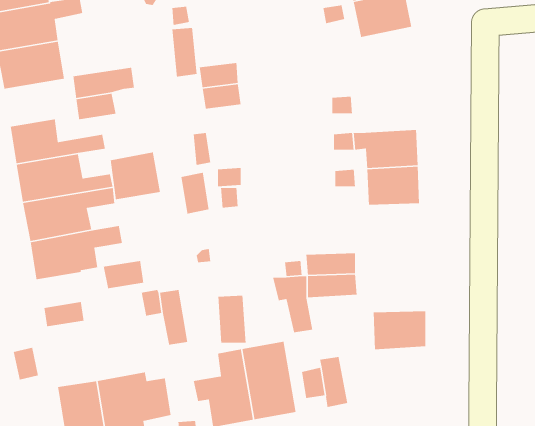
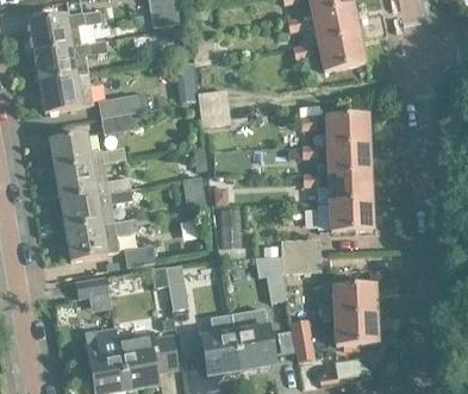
building: none -> [326,113,368,144]
building: [110,152,161,200] -> none
building: none -> [330,200,372,230]
building: [217,295,246,343] -> [220,211,243,249]
building: none -> [335,312,377,343]

